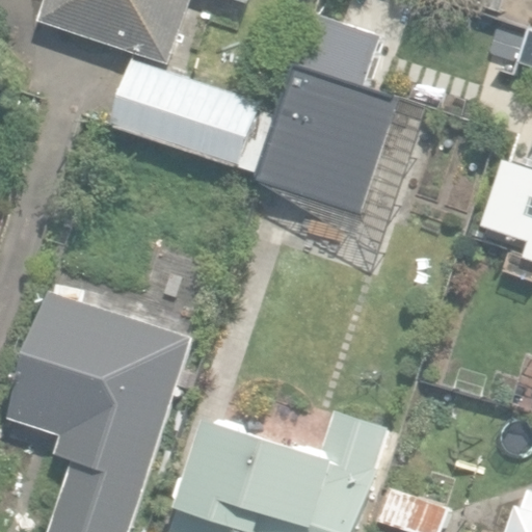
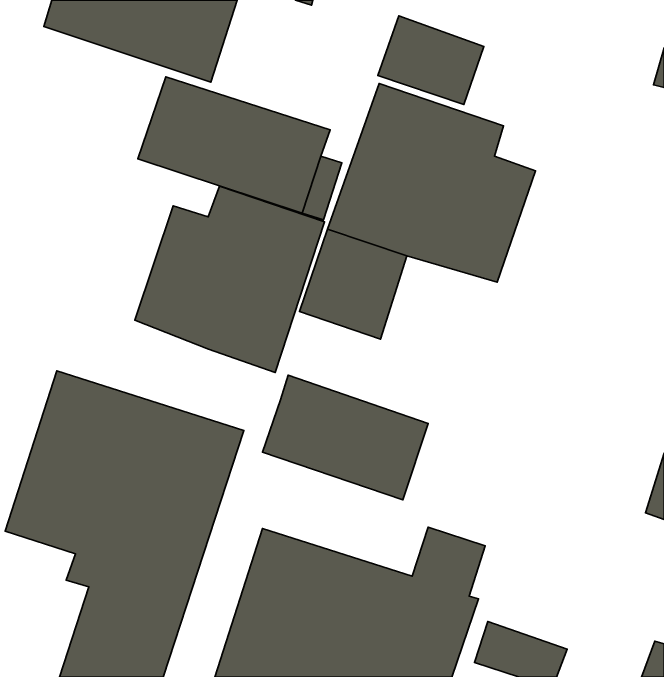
building: none -> [135,186,324,372]
building: none -> [262,375,428,500]

